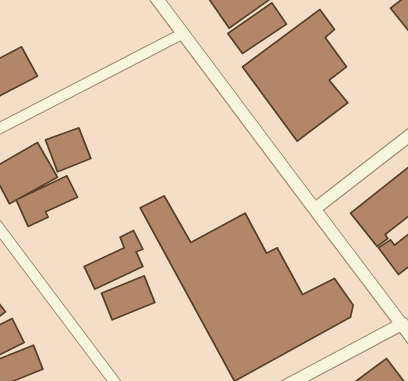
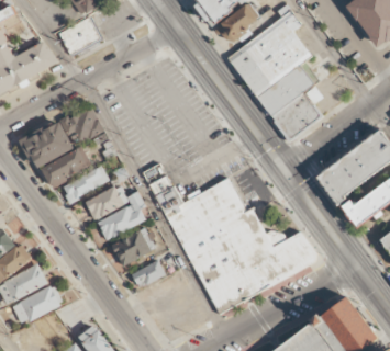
building: none -> [58,16,100,54]
building: none -> [271,87,323,141]
building: none -> [59,167,108,201]
building: none -> [83,185,127,219]
building: none -> [130,262,164,287]

